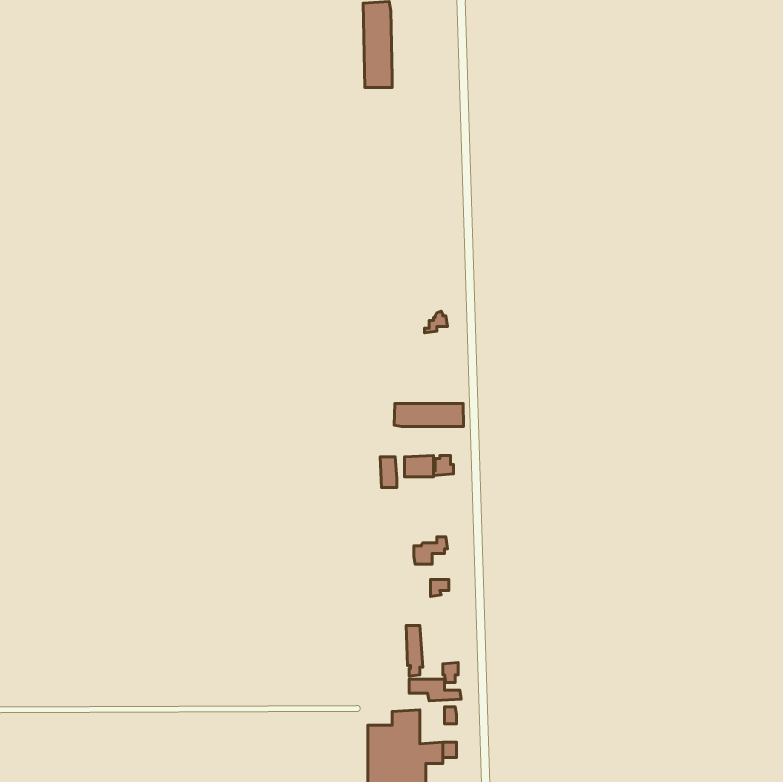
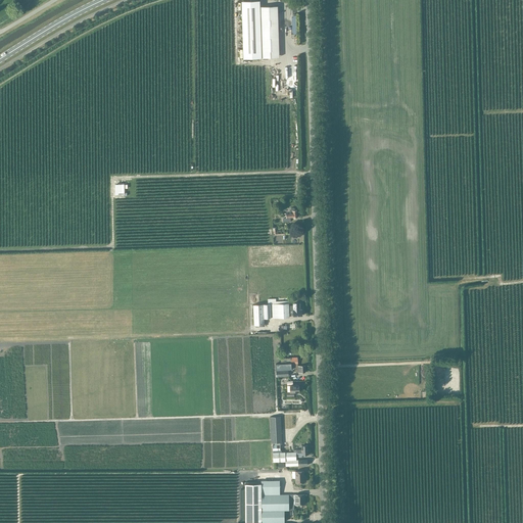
building: none -> [260,7,279,52]
building: [394,404,464,427] -> none

